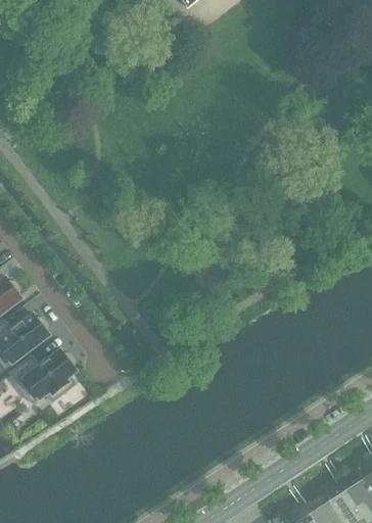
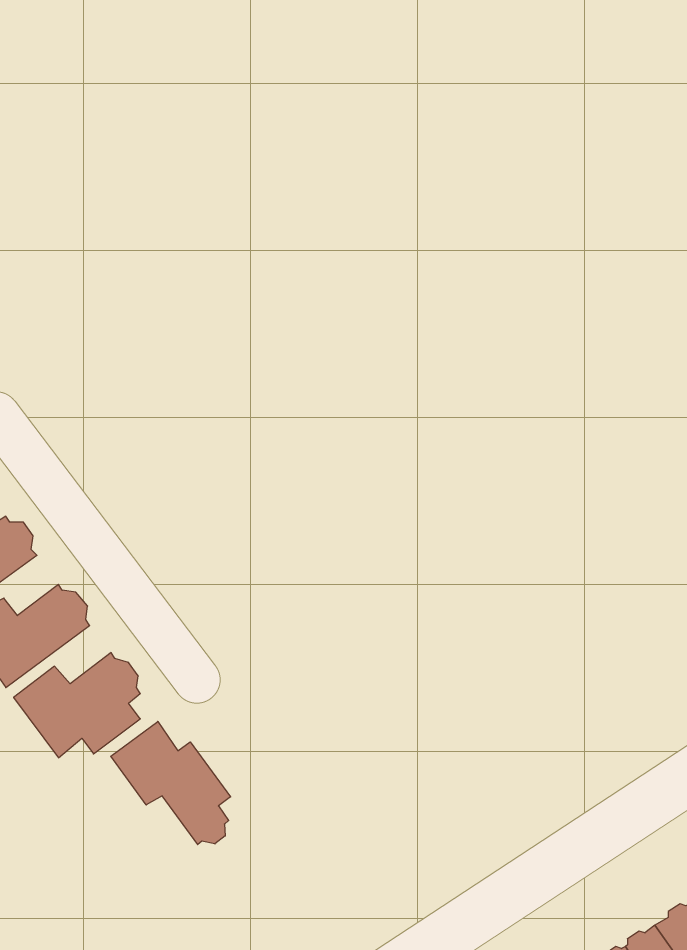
building: none -> [111,721,231,845]

